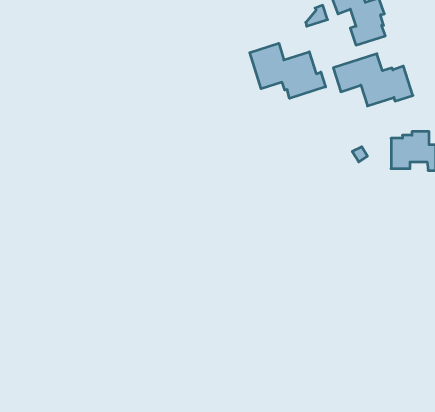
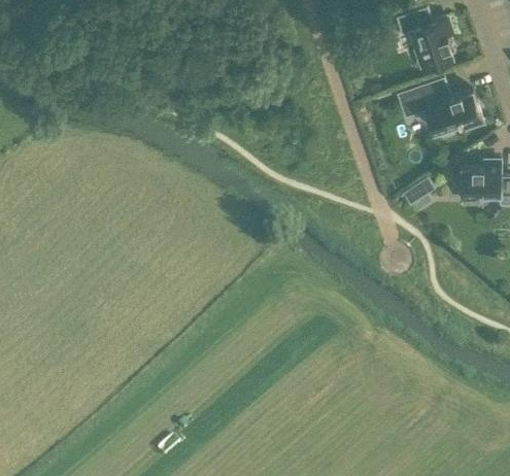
building: [250,43,326,98] -> none

